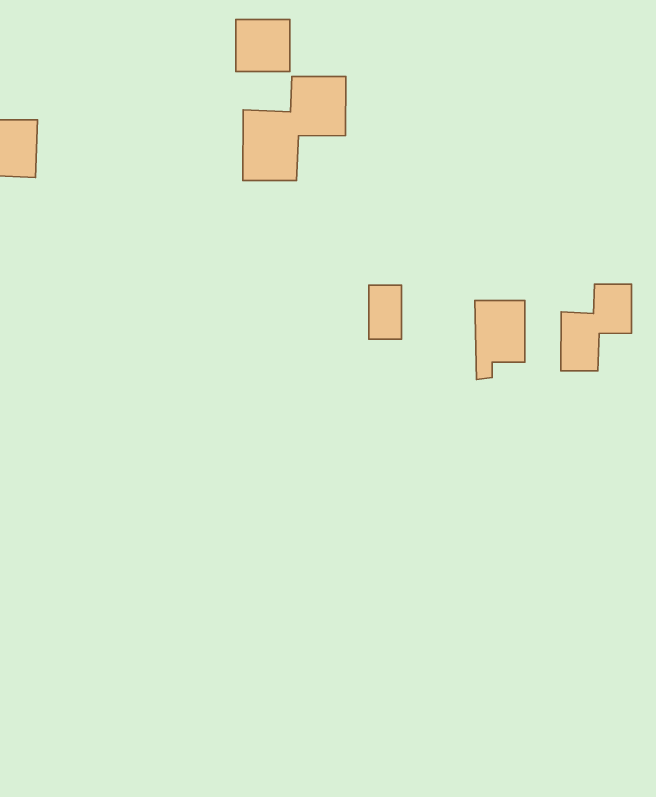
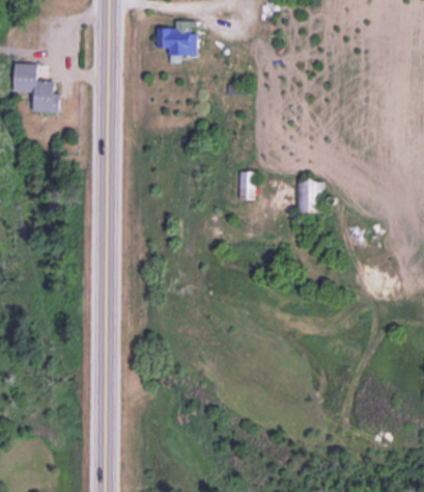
building: [243,77,346,180] -> none
building: [561,284,632,371] -> none

